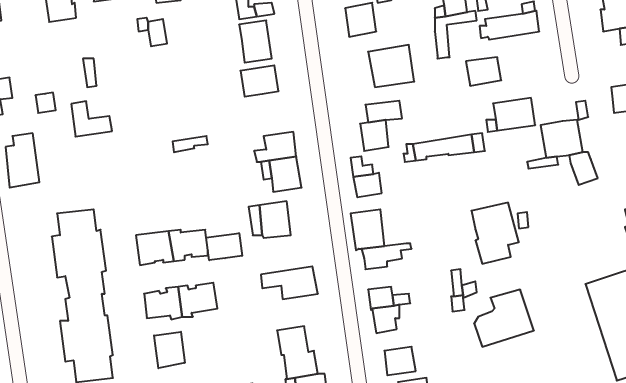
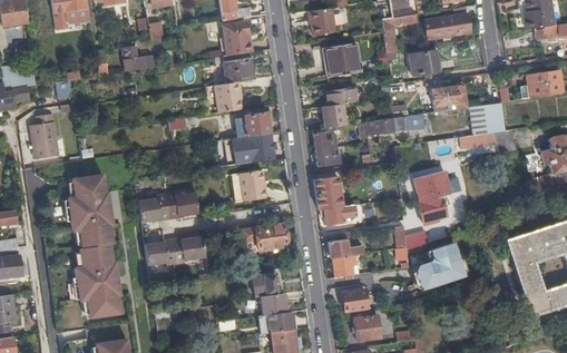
building: none -> [216,81,244,111]
building: [71,101,112,137] -> [121,42,155,71]
building: [206,233,242,260] -> none
building: [154,332,185,368] -> none

